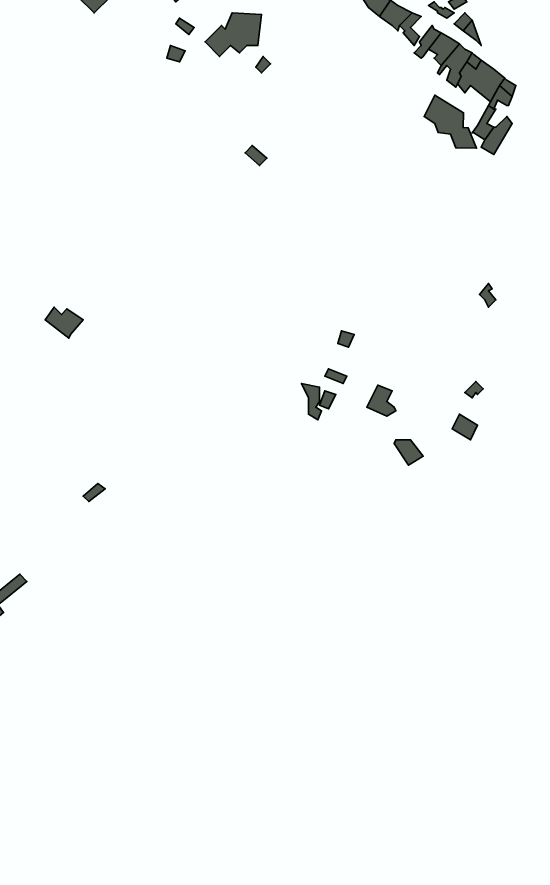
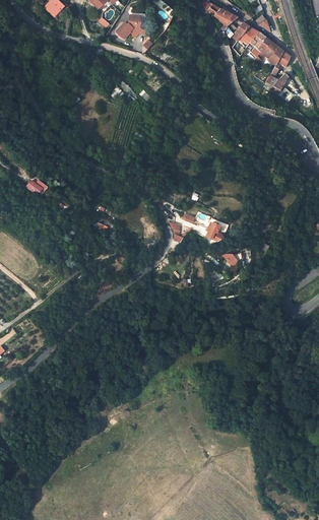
building: [424,95,476,148] -> none

